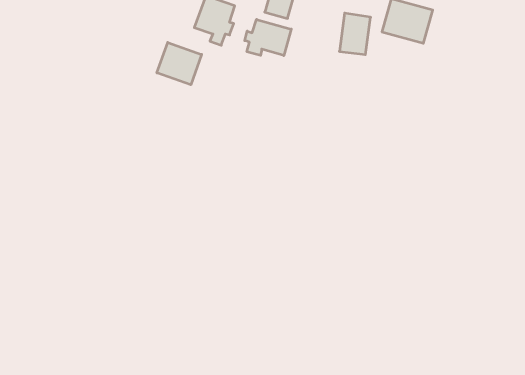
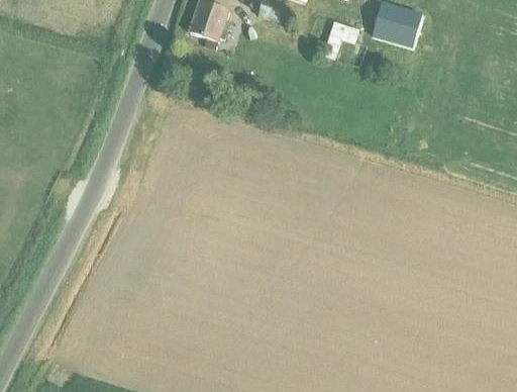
building: [245,19,291,56] -> none
building: [157,42,202,85] -> none

